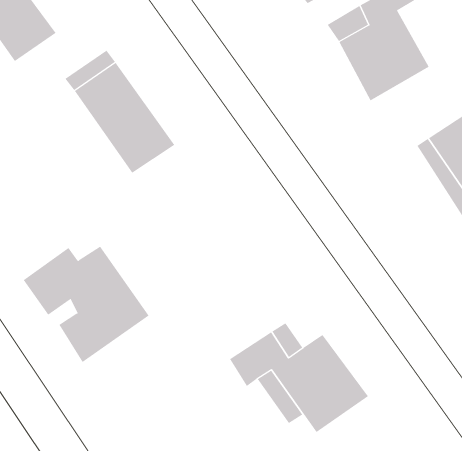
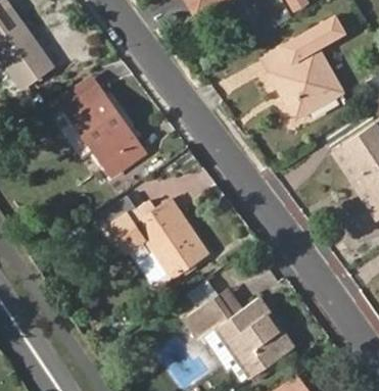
building: [23,246,149,363] -> [109,198,207,289]

